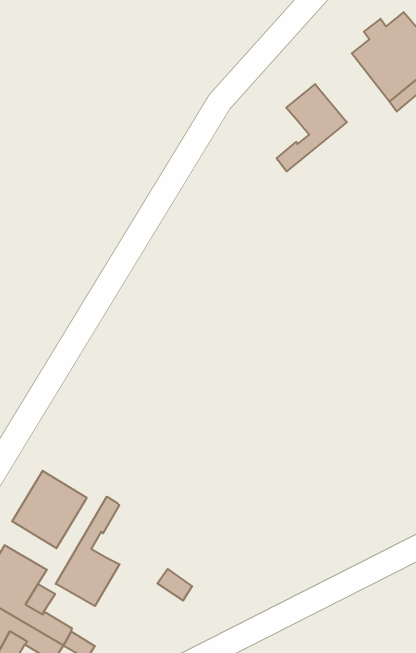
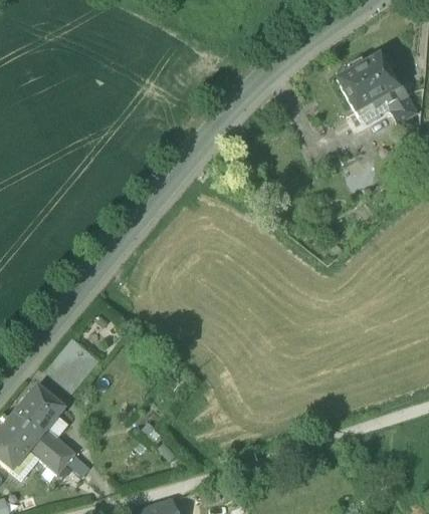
building: [277,84,347,171] -> none
building: [56,497,120,606] -> none

